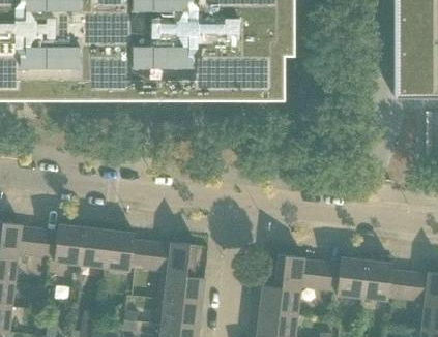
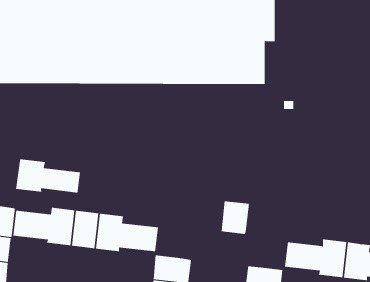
building: none -> [16,158,81,194]
building: [168,244,198,279] -> none
building: [275,256,305,292] -> [221,201,250,235]

